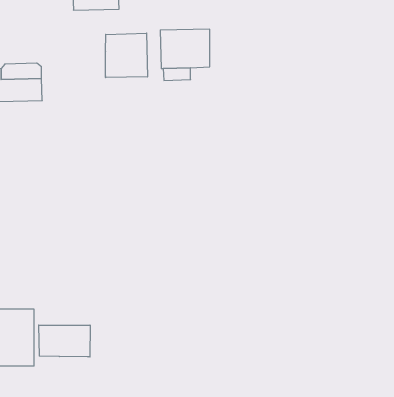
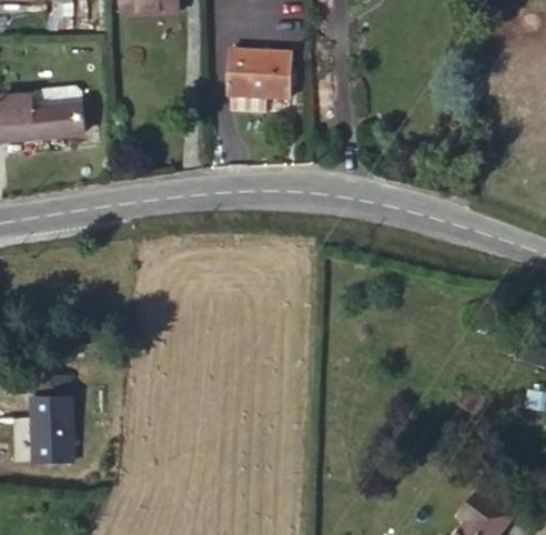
building: [106,33,147,78] -> none
building: [39,325,90,357] -> none

